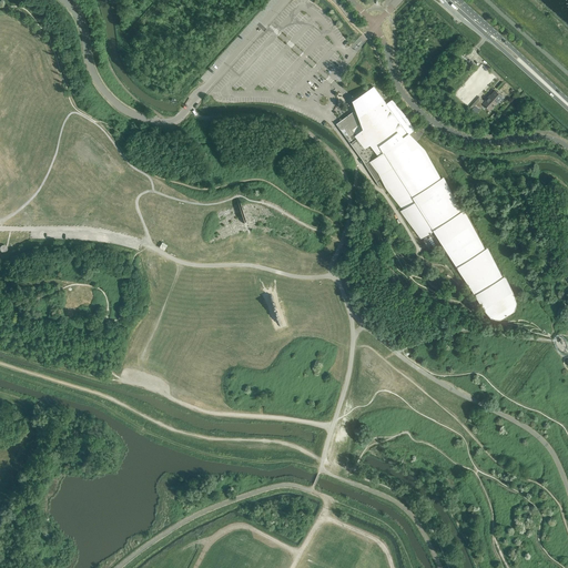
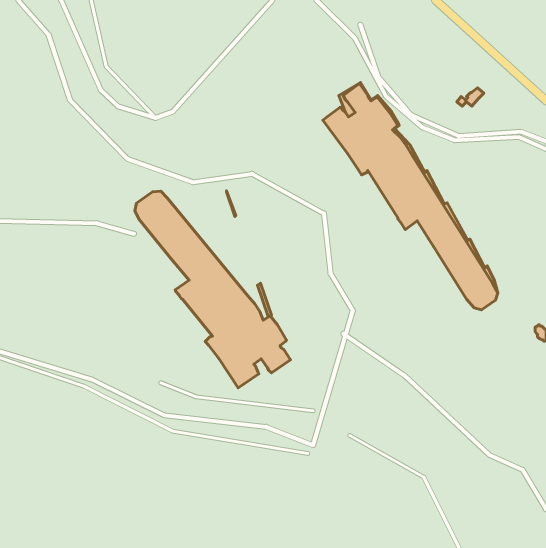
building: none -> [135,191,291,388]

